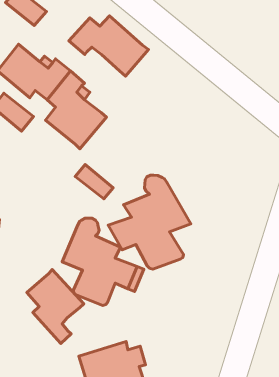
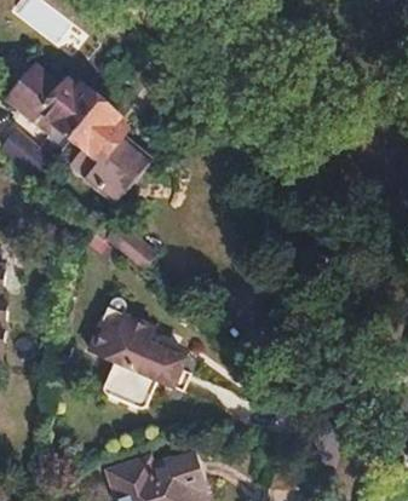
building: [69,16,148,76] -> none
building: [108,175,191,269] -> none
building: [27,270,84,344] -> none

